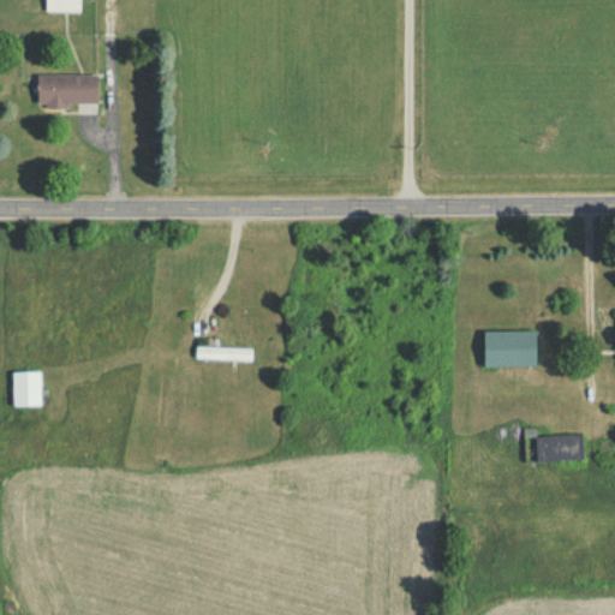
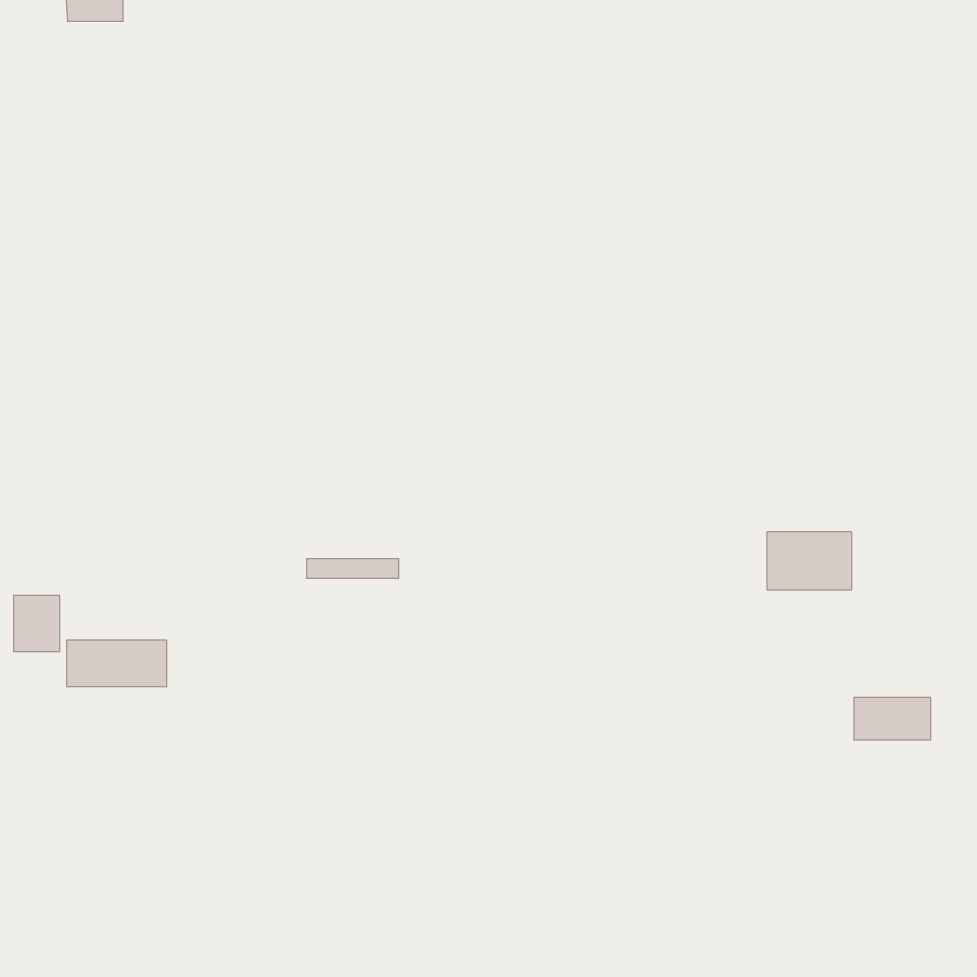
building: [38,74,98,106] -> none
building: none -> [67,640,167,687]

